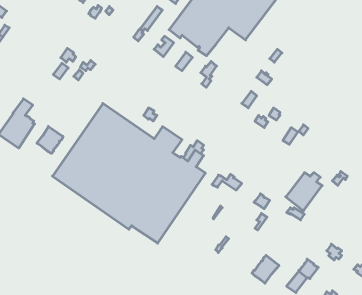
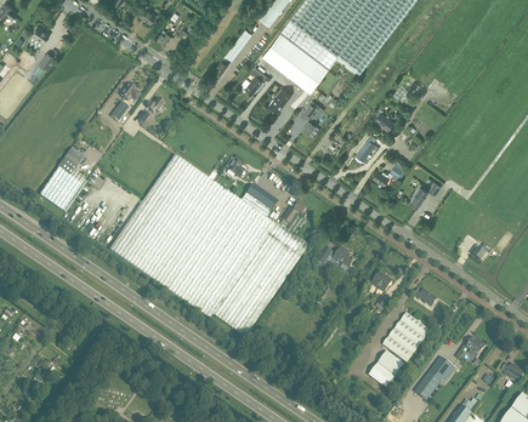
building: [37,126,63,153] -> none
building: [286,173,322,211] -> [382,313,430,363]

